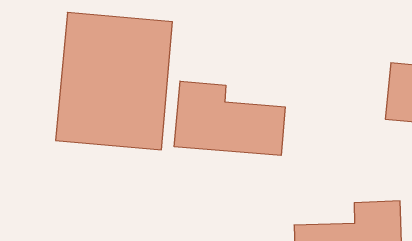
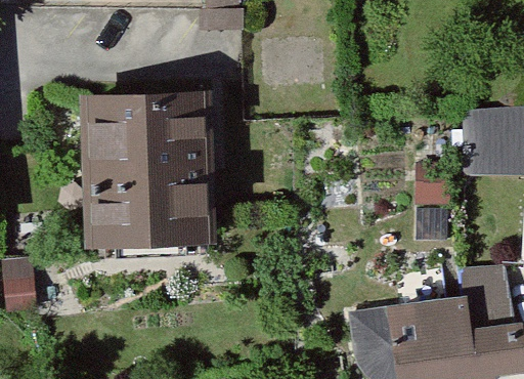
building: [174,81,285,155] -> none

